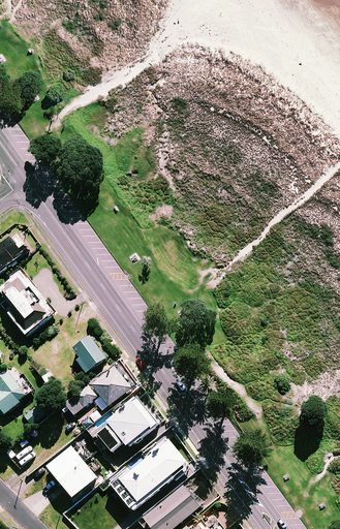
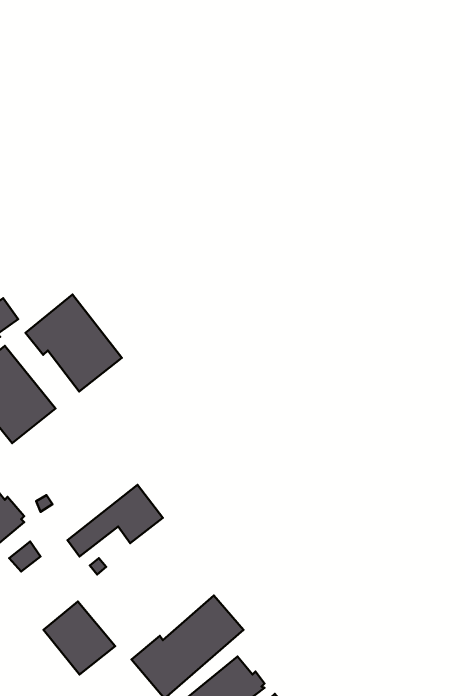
building: none -> [25,295,122,392]
building: [73,335,106,372] -> none
building: [85,393,157,450] -> none

